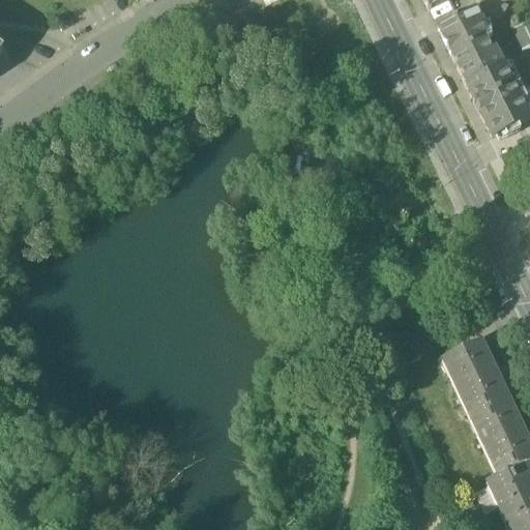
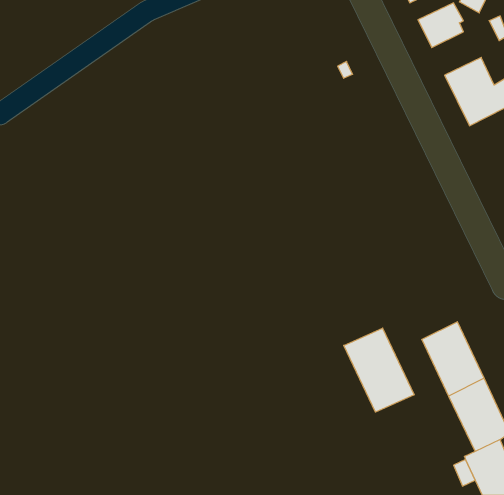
building: [453,33,505,79] -> none
building: none -> [344,328,414,412]

